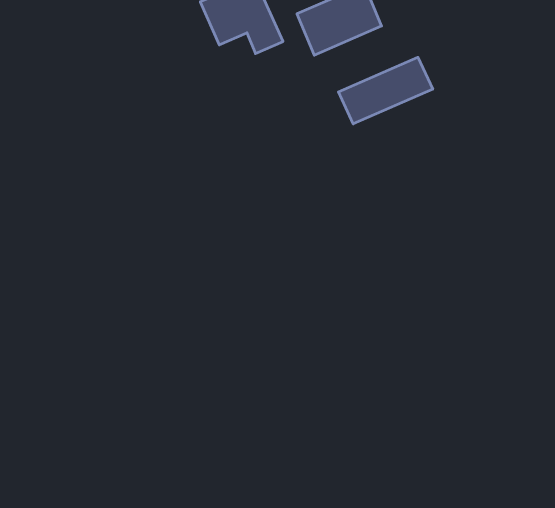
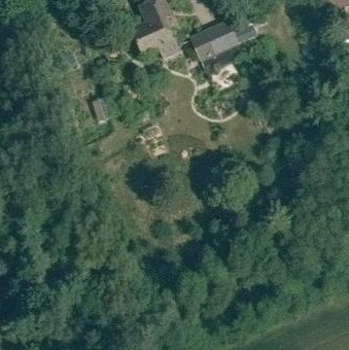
building: [338,57,433,124] -> none

